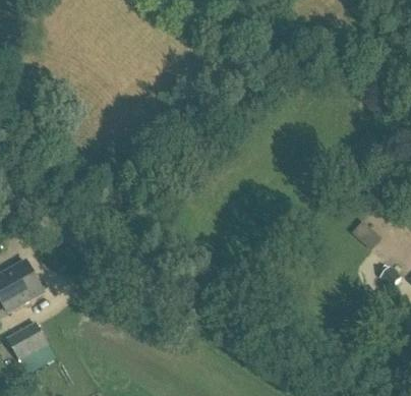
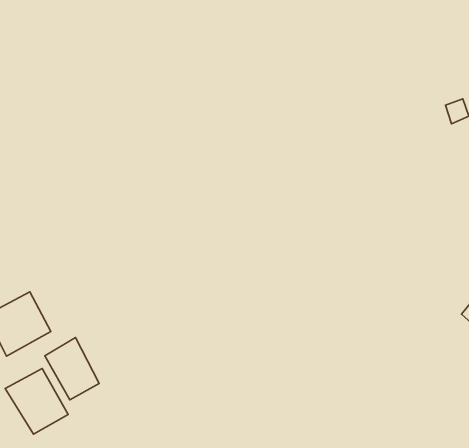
building: none -> [45,338,99,400]

